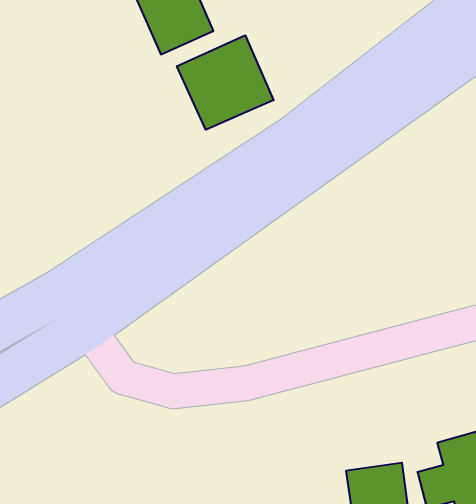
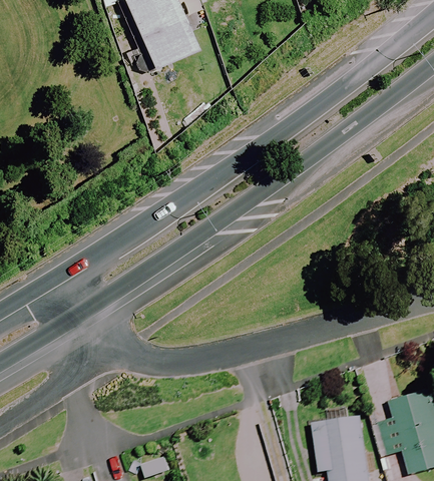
building: [177,35,274,130] -> none

